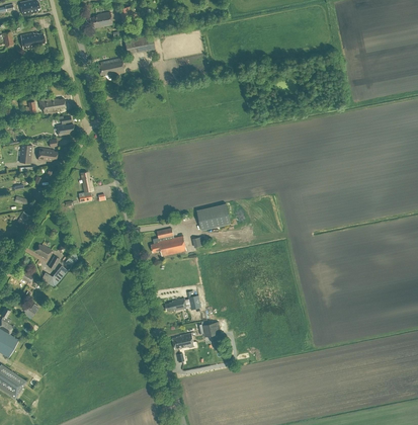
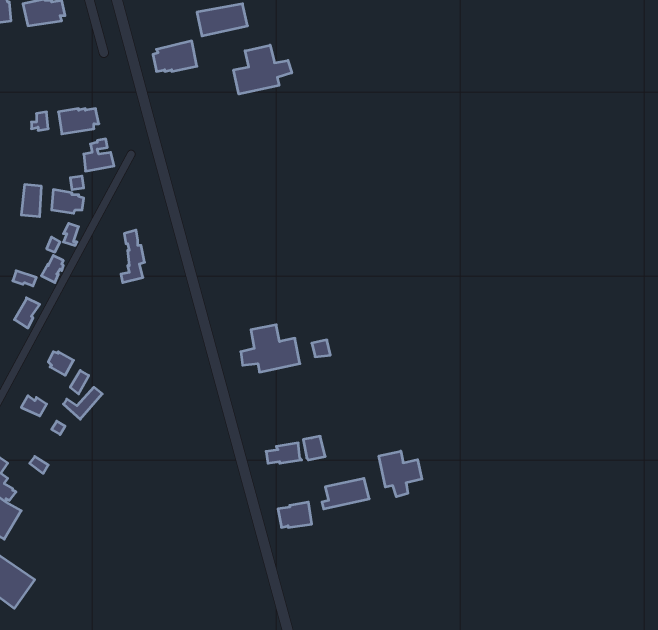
building: none -> [234,45,292,94]
building: [196,203,230,231] -> none
building: none -> [379,451,422,497]

